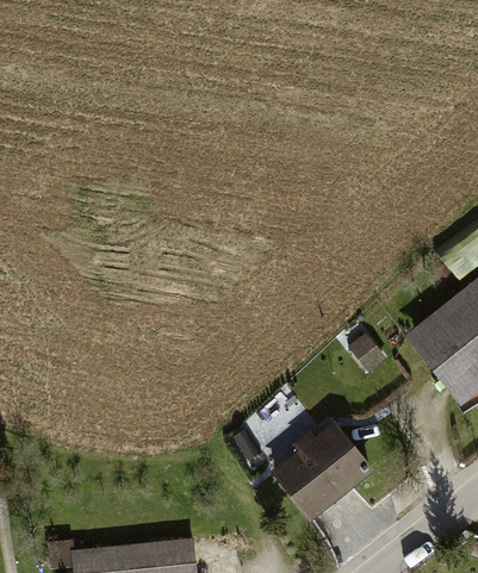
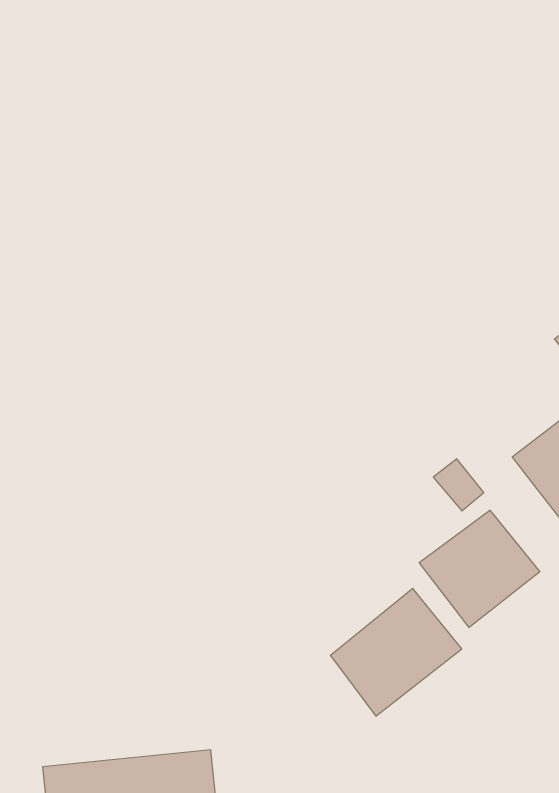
building: none -> [419,510,540,627]

